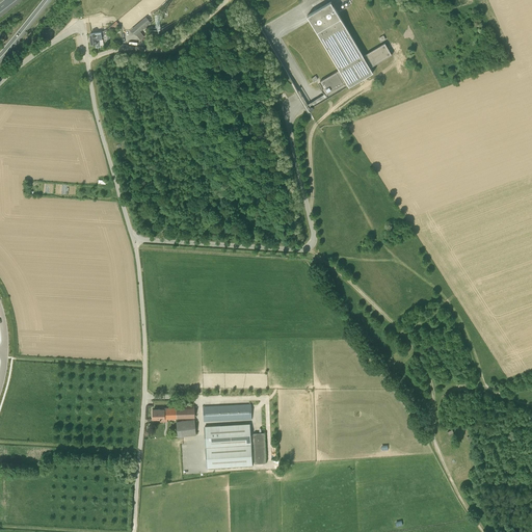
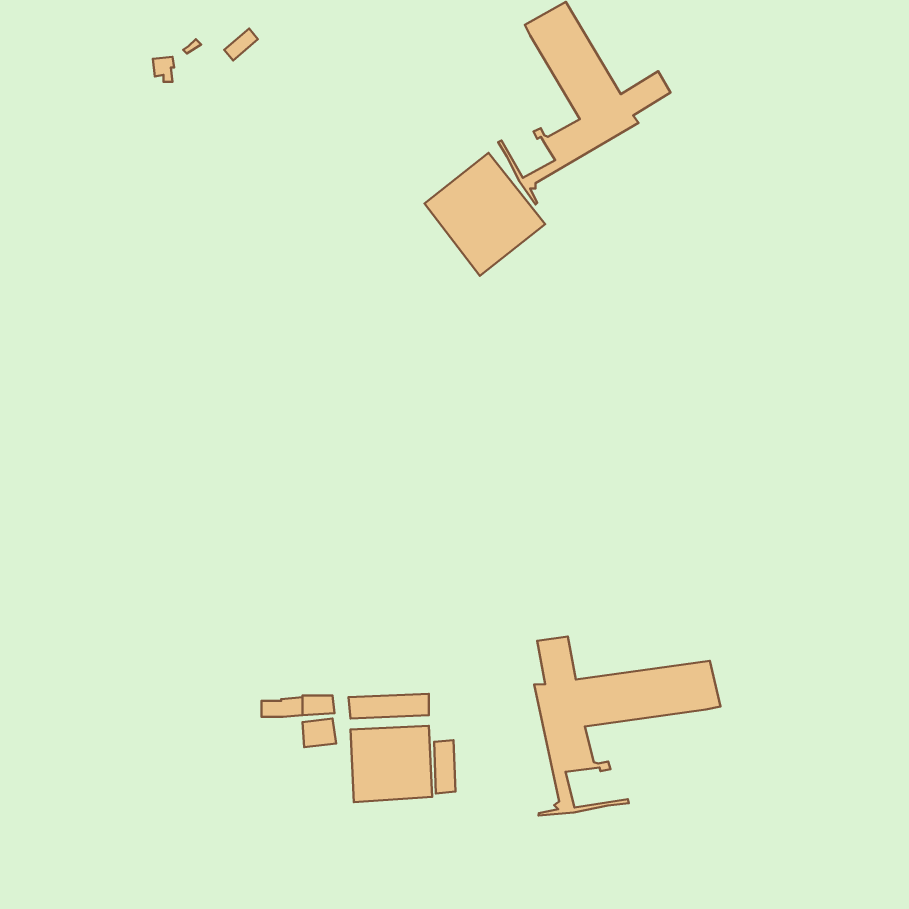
building: none -> [425,153,545,276]
building: none -> [534,636,721,816]

